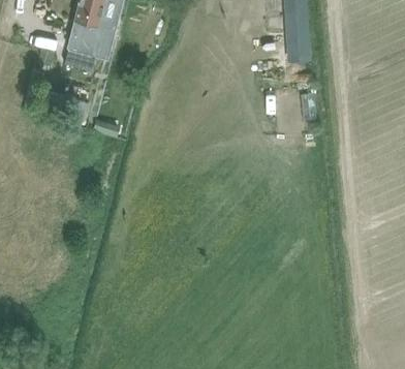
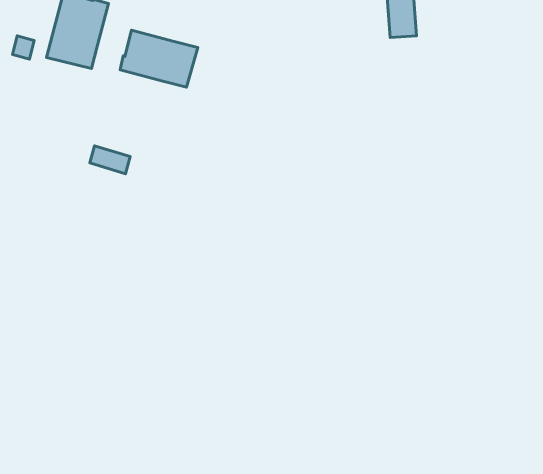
building: none -> [120,30,198,87]

